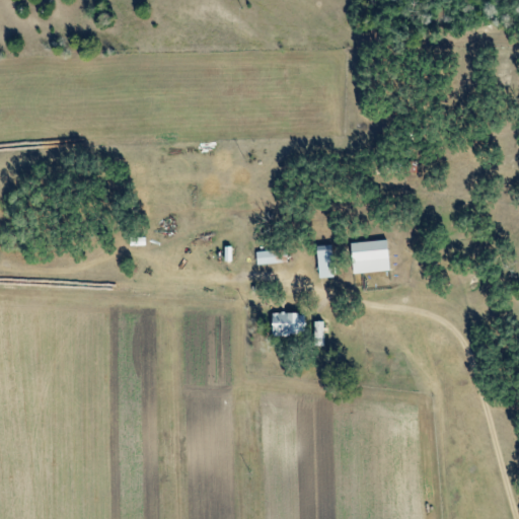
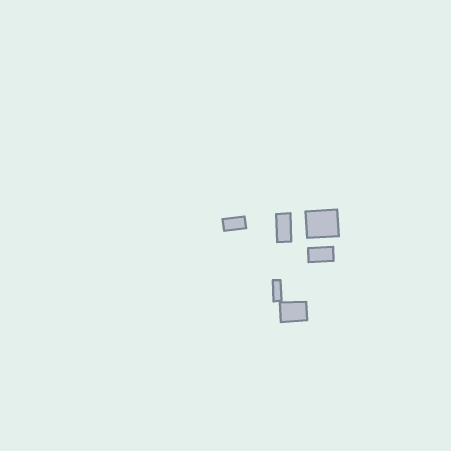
building: none -> [308,247,333,262]
building: [272,312,303,336] -> [280,302,307,322]

